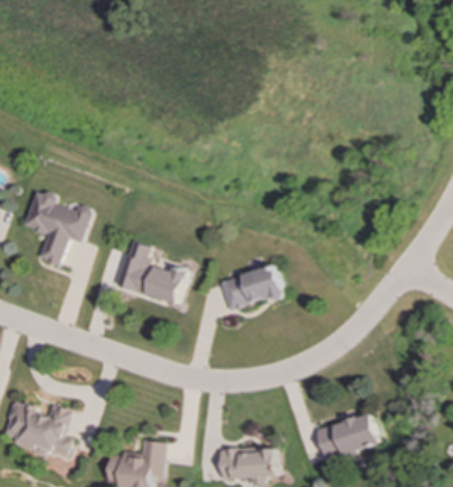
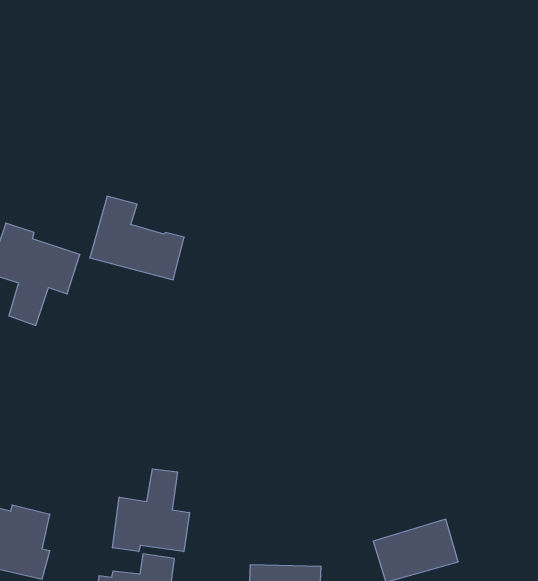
building: [116,241,187,304] -> [90,196,184,280]
building: [221,267,284,311] -> none
building: none -> [113,469,190,552]

